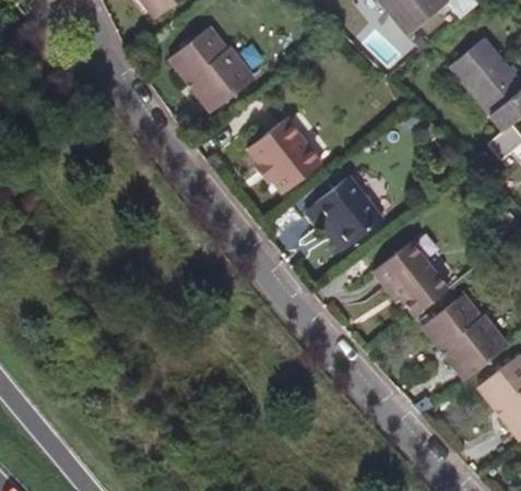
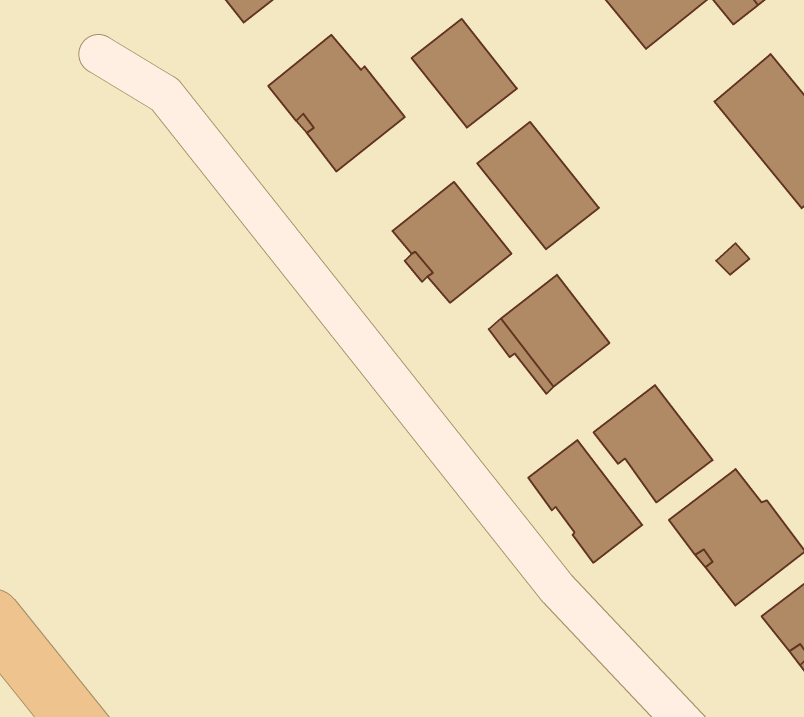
building: none -> [412,19,517,128]
building: none -> [477,122,599,249]
building: none -> [528,440,642,563]

